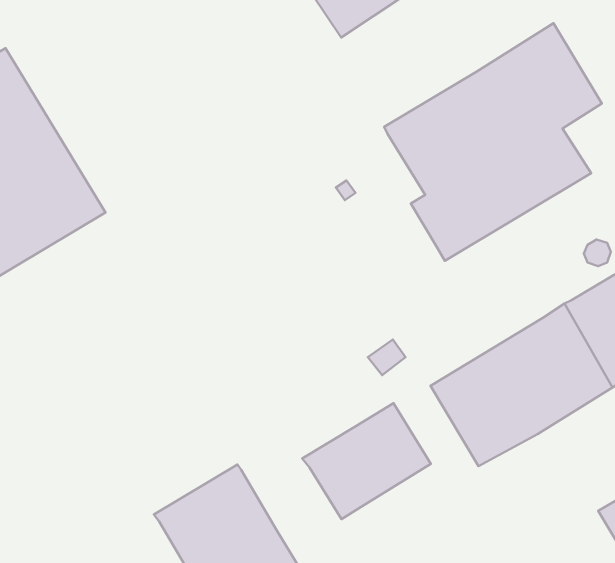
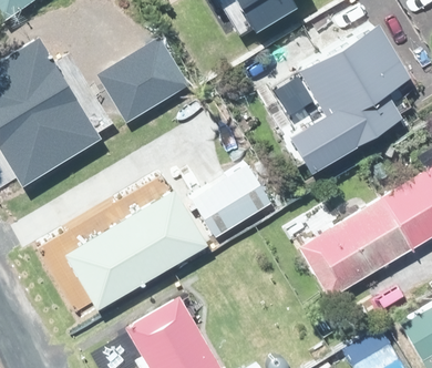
building: none -> [92,38,187,129]
building: none -> [59,192,203,313]
building: [302,403,431,519] -> [193,165,272,237]

